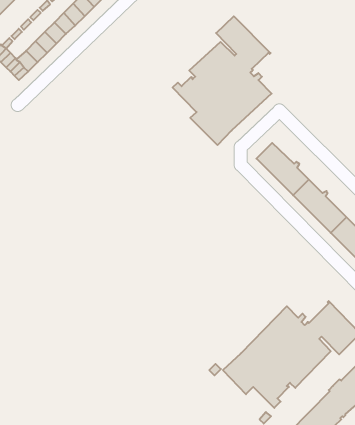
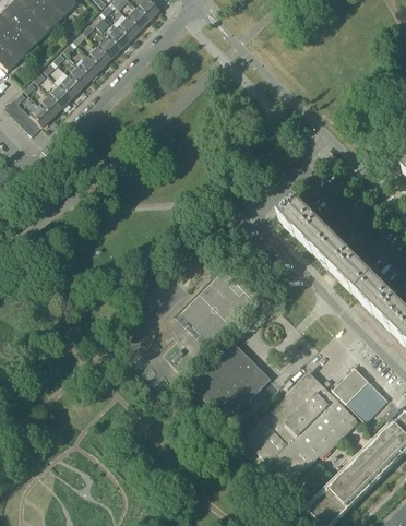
building: [173,16,272,145] -> none
building: none -> [199,346,272,420]

